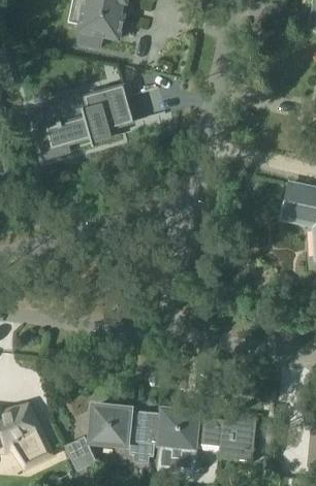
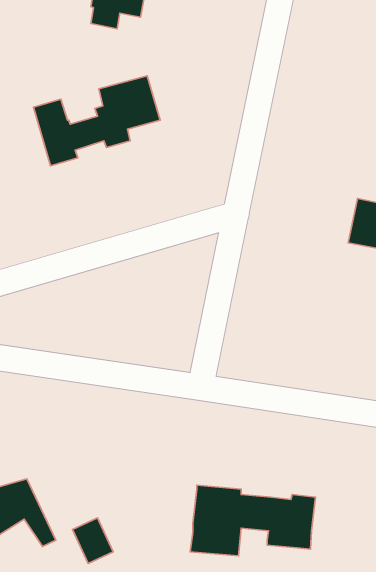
building: [90,406,162,461] -> none

